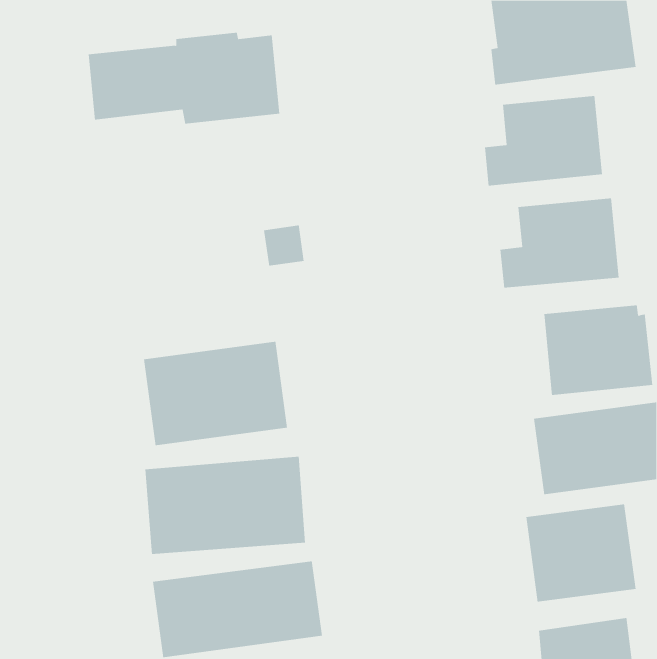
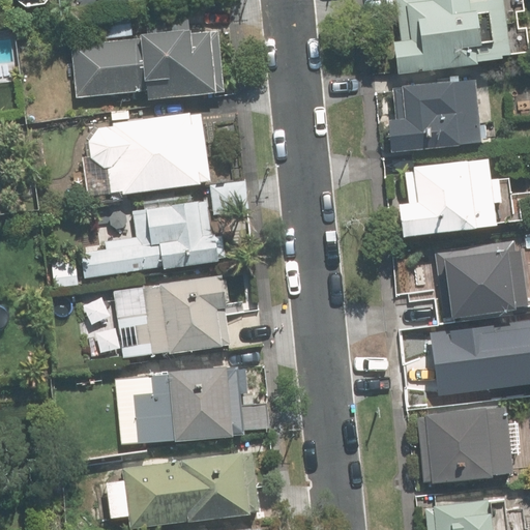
building: none -> [87,113,209,194]
building: none -> [79,200,218,279]

